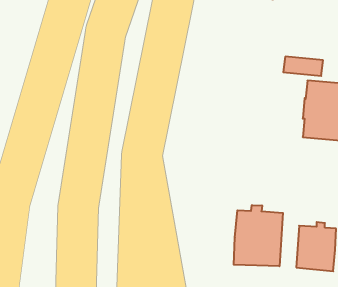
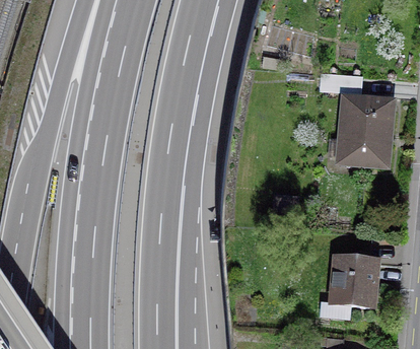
building: [234,205,283,266] -> none

